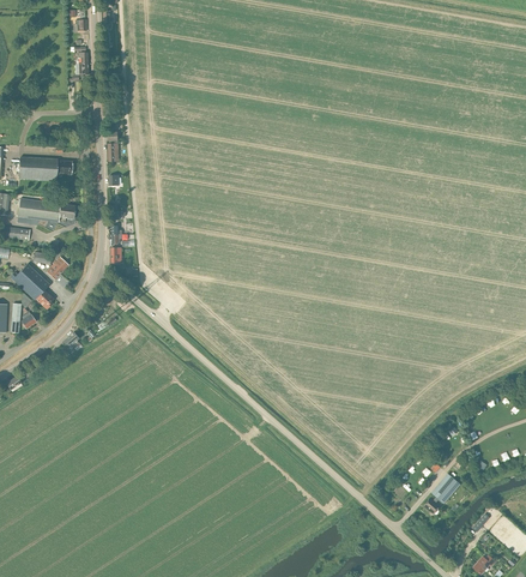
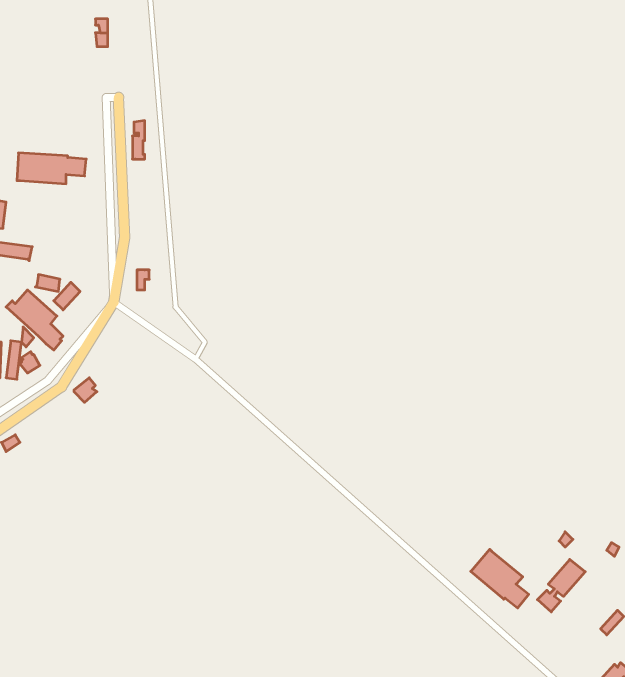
building: [18,198,75,221] -> none
building: none -> [471,549,529,608]

